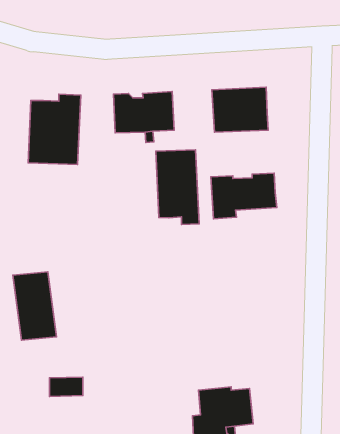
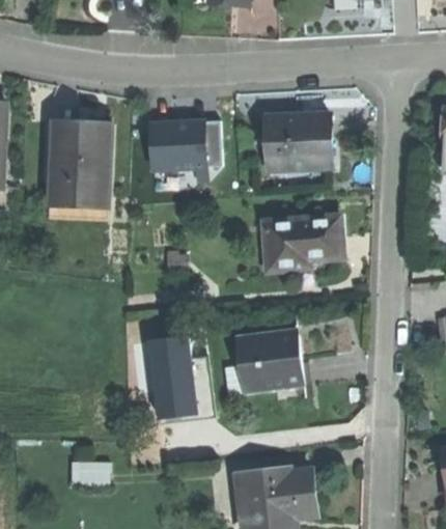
building: [156,150,199,224] -> none
building: none -> [235,329,302,392]
building: [13,272,57,340] -> [145,336,197,417]

